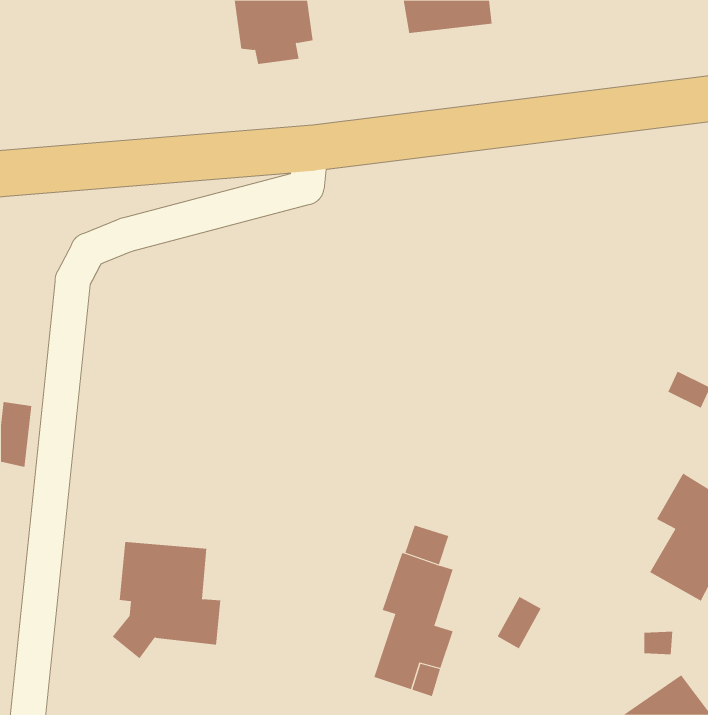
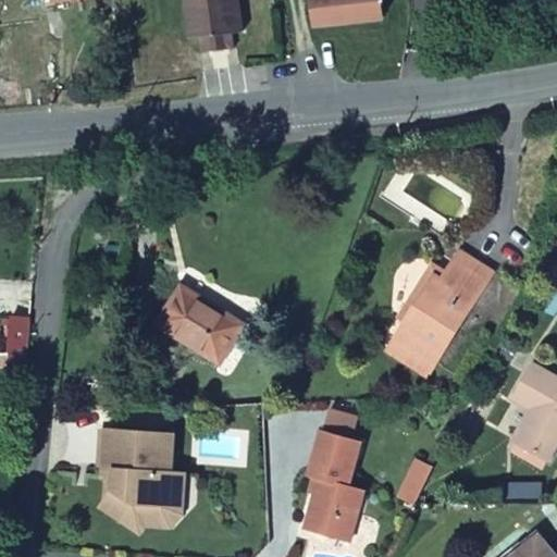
building: none -> [397,261,491,364]
building: none -> [161,286,246,361]
building: none -> [114,496,174,525]

